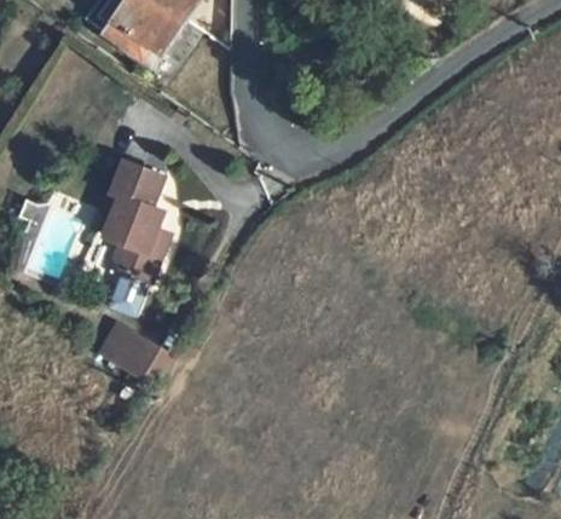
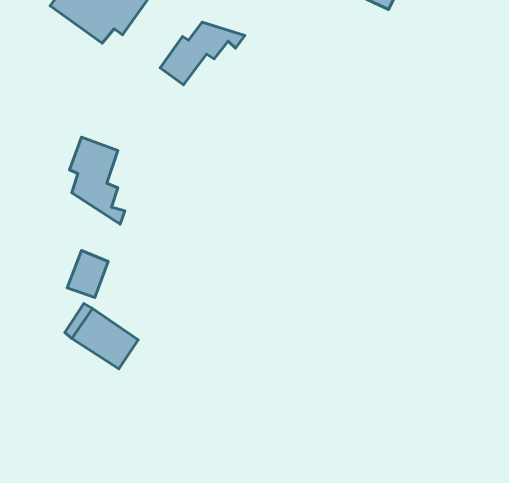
building: none -> [160,22,245,85]
building: [104,212,160,281] -> none

